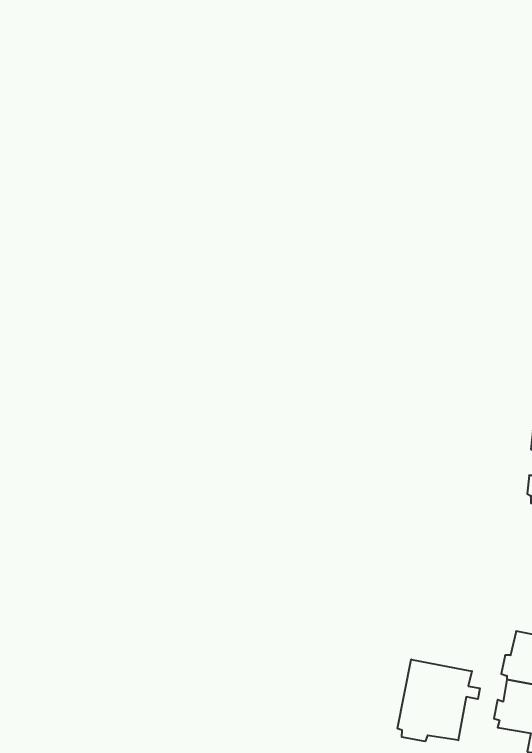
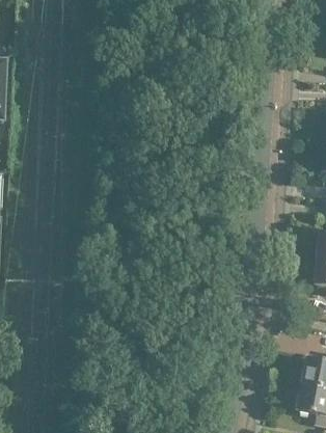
building: [398,659,480,741] -> none

